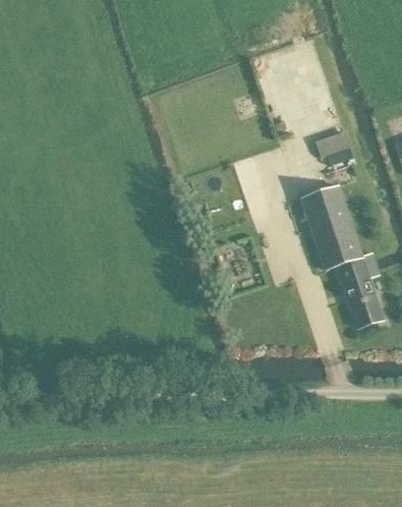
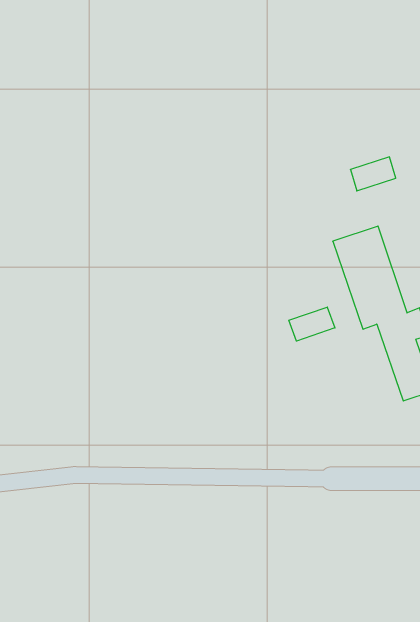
building: none -> [289,307,335,341]

